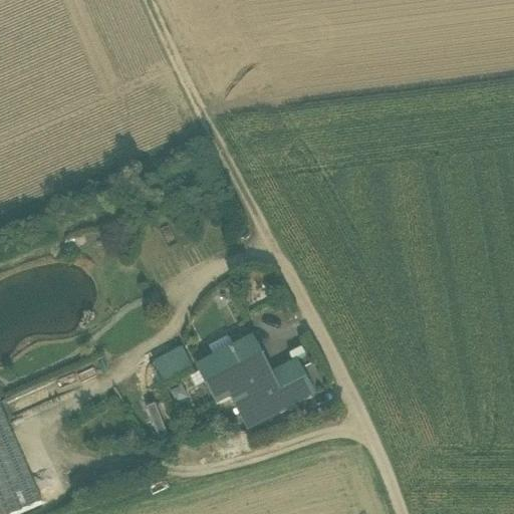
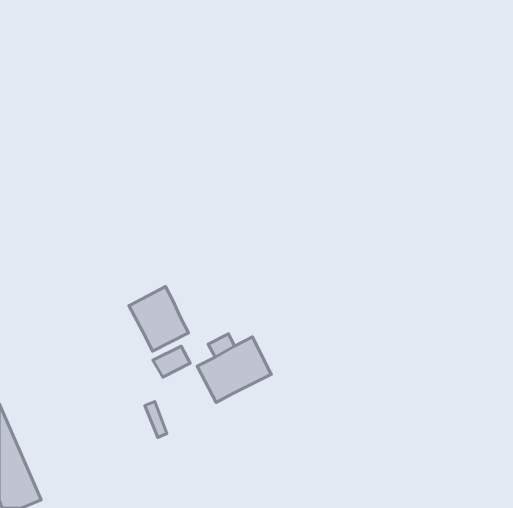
building: none -> [129,287,189,351]
building: [233,363,313,427] -> none

